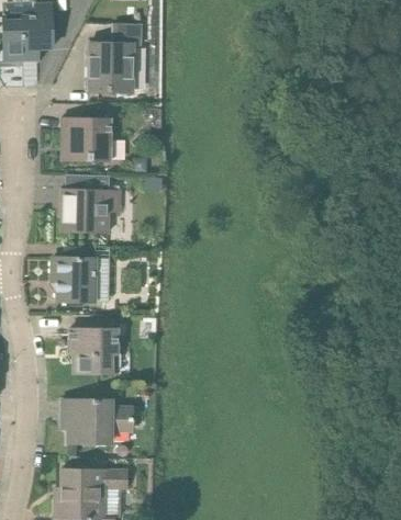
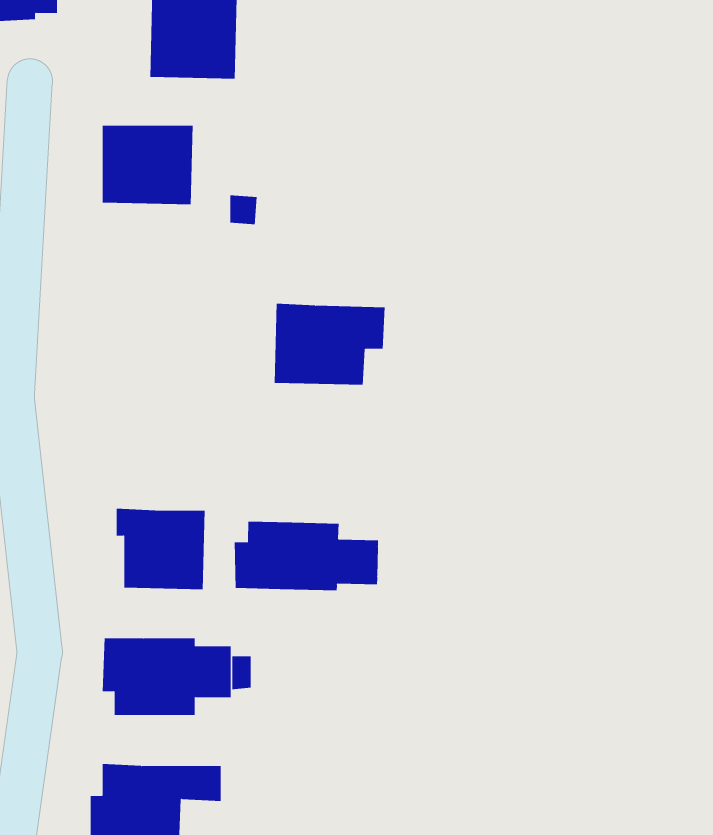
building: [59,188,121,233] -> [274,303,386,385]
building: [52,257,97,302] -> none
building: none -> [234,521,379,591]

